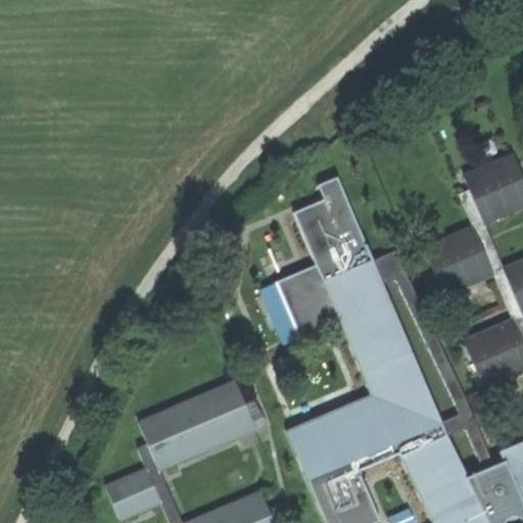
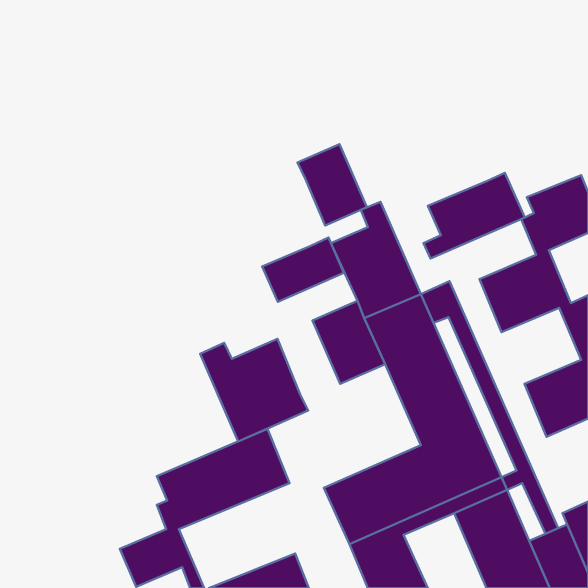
building: none -> [297,144,367,226]
building: none -> [423,173,525,259]
building: none -> [262,238,344,302]
building: none -> [200,339,308,441]

